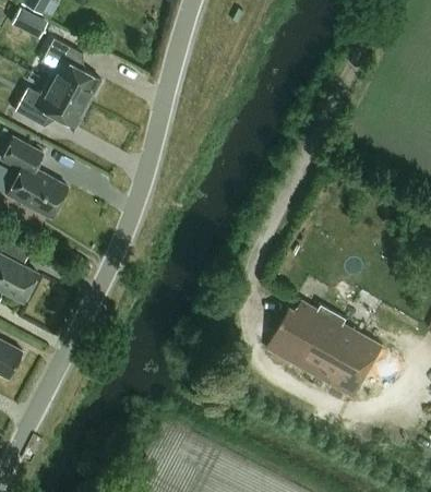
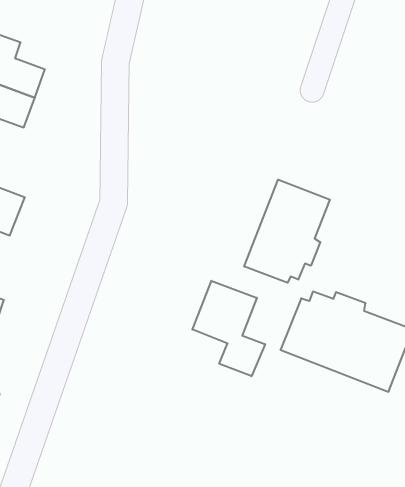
building: none -> [244,180,330,283]
building: none -> [192,281,265,376]

